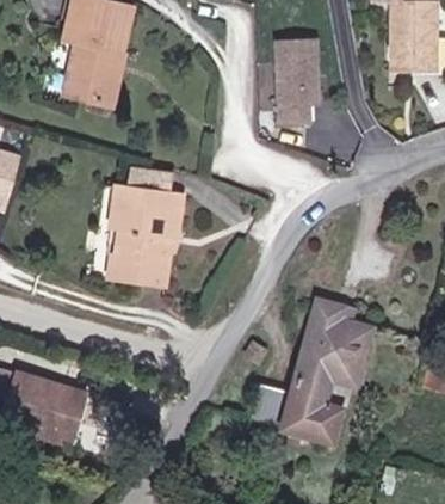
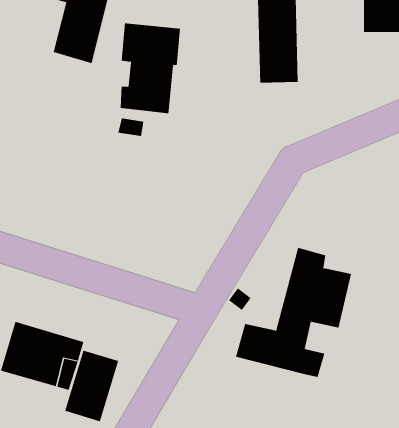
building: [113,188,177,282] -> [120,23,181,114]
building: none -> [65,350,119,422]

